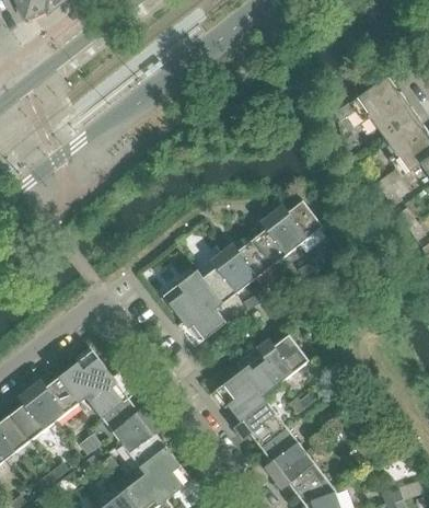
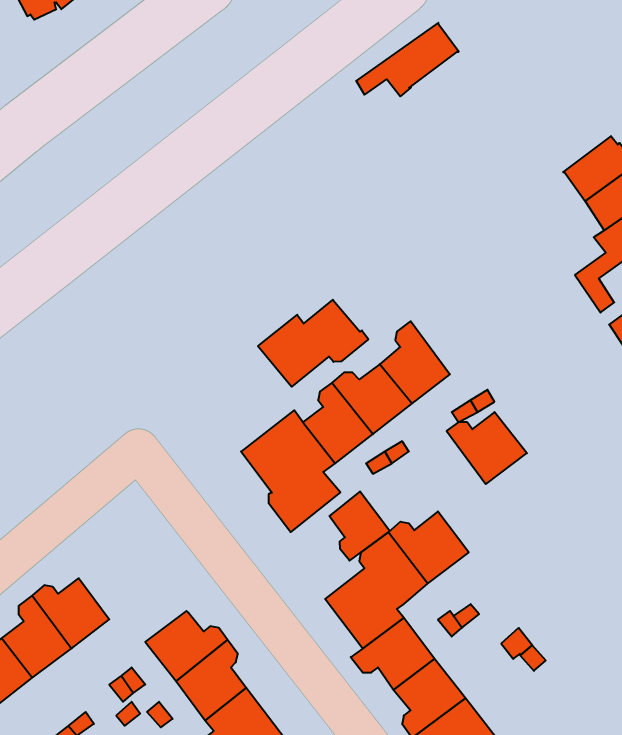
building: [334,76,399,123] -> [356,23,459,96]
building: none -> [258,300,368,387]
building: [270,200,322,246] -> [447,412,527,484]
building: none -> [329,491,390,561]
building: [58,350,135,417] -> none

